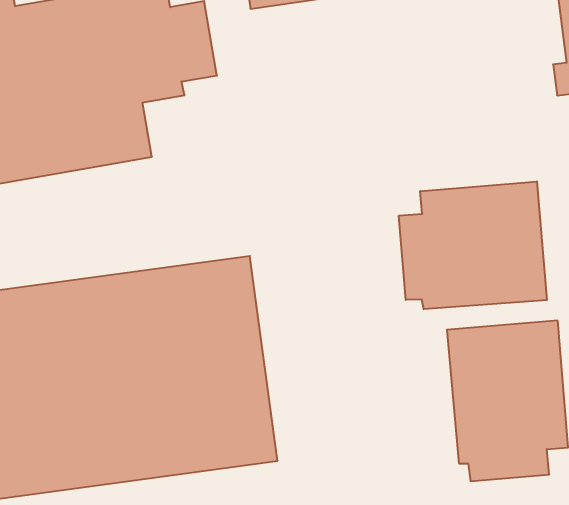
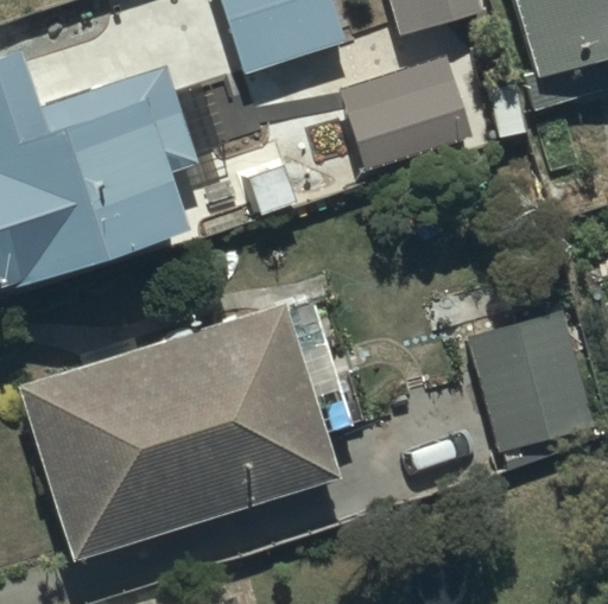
building: none -> [338,58,470,170]
building: [399,181,547,309] -> none

